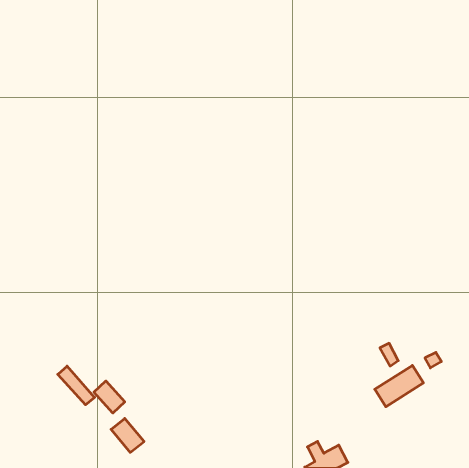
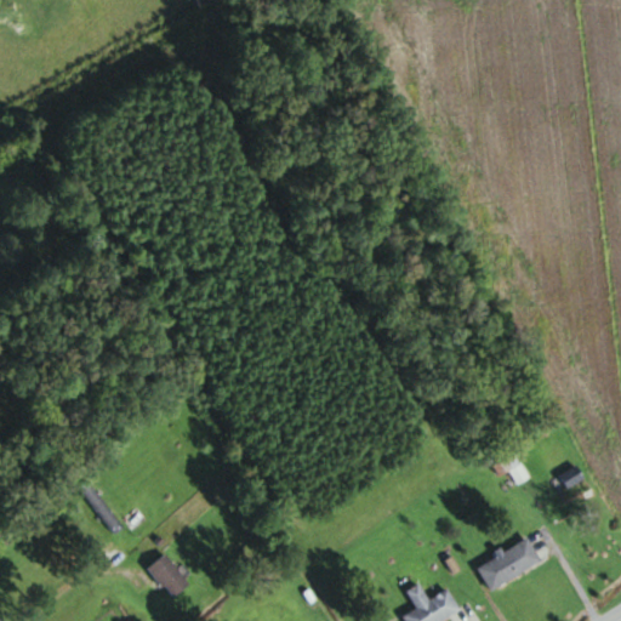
building: [375,365,423,407] -> [477,537,541,592]
building: [94,381,125,413] -> none

